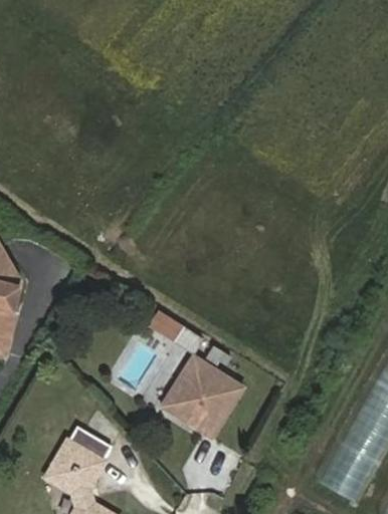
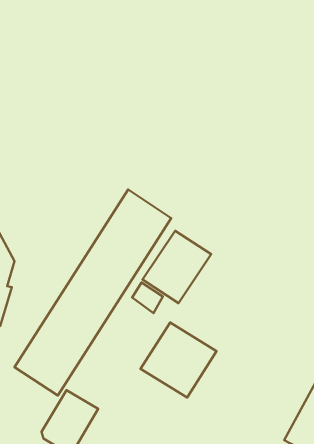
building: none -> [15,190,171,396]
building: none -> [143,231,211,303]

